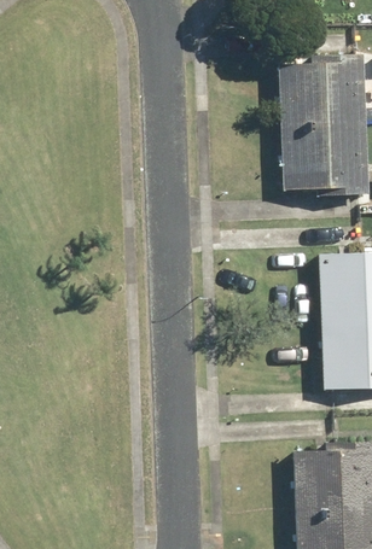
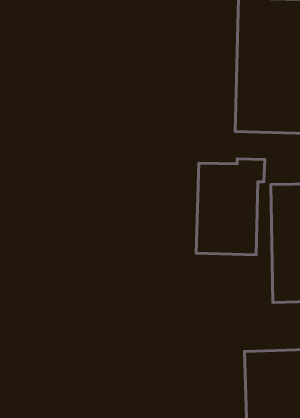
building: none -> [196,159,265,255]

